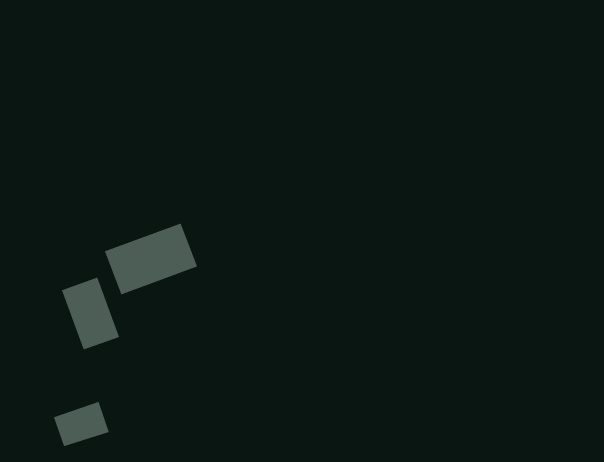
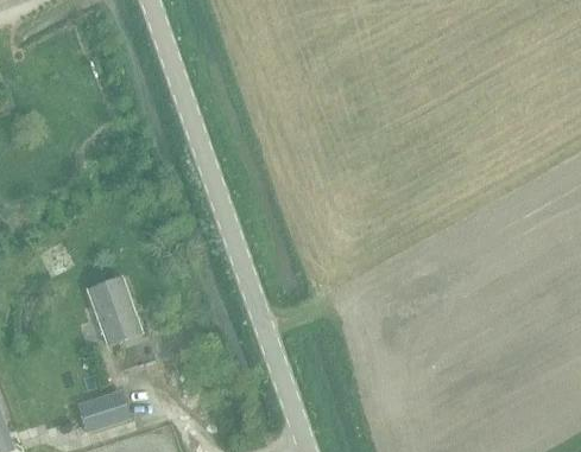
building: [104,222,198,295] -> none

